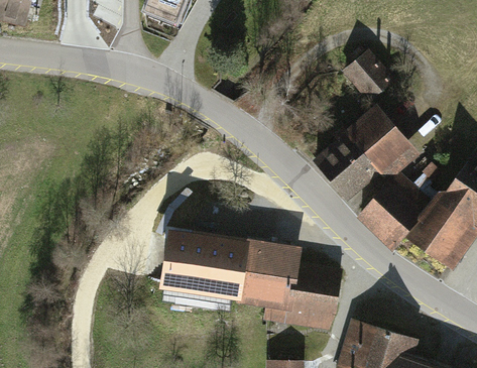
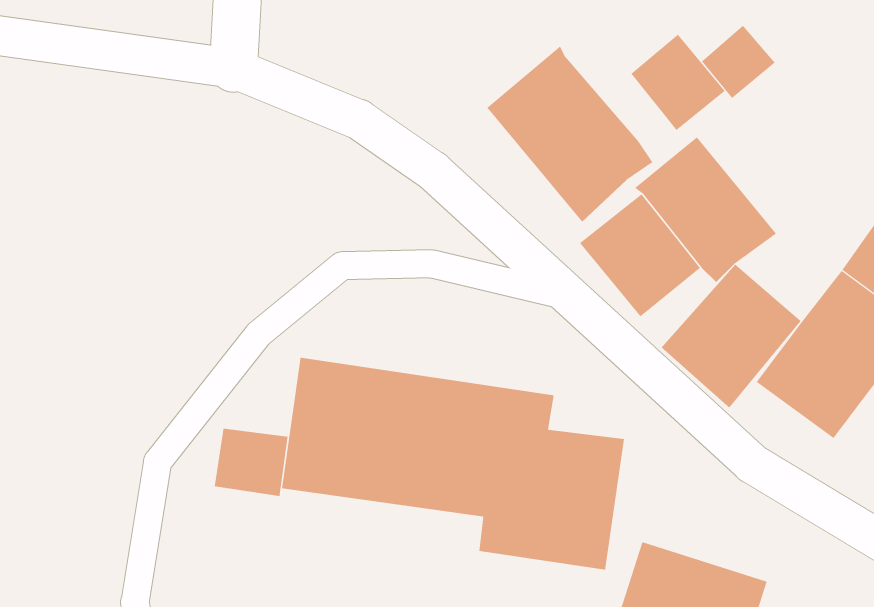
building: none -> [701,25,775,99]
building: none -> [486,46,653,222]
building: none -> [214,428,288,497]

